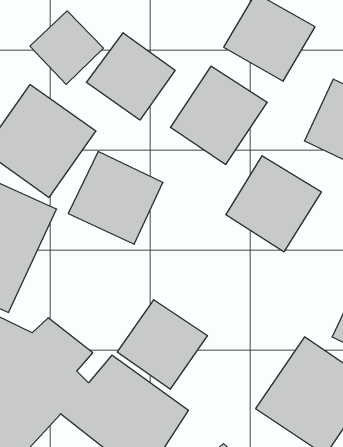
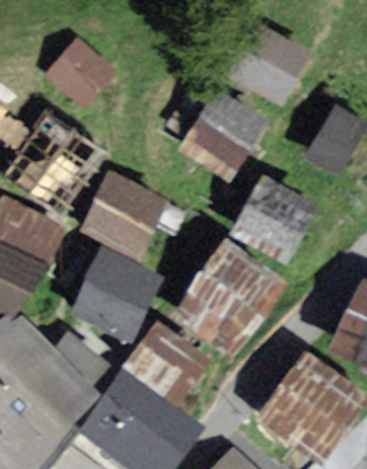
building: [86,33,175,120] -> none
building: none -> [176,241,288,355]
building: none -> [69,254,159,346]

